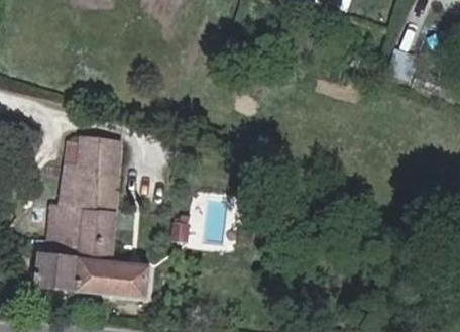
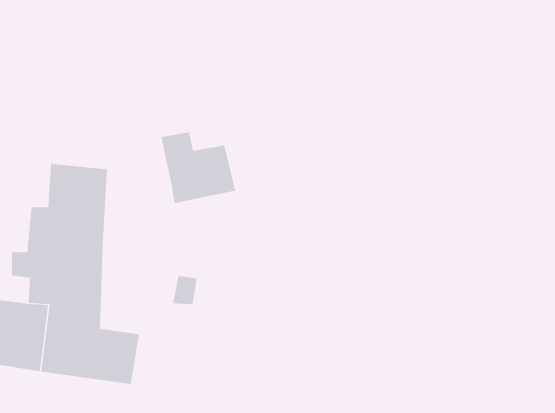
building: none -> [161,131,236,204]

